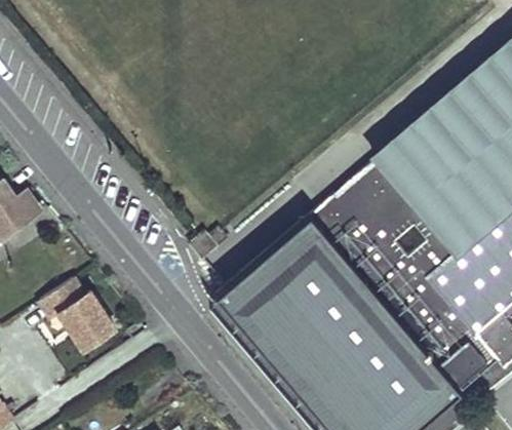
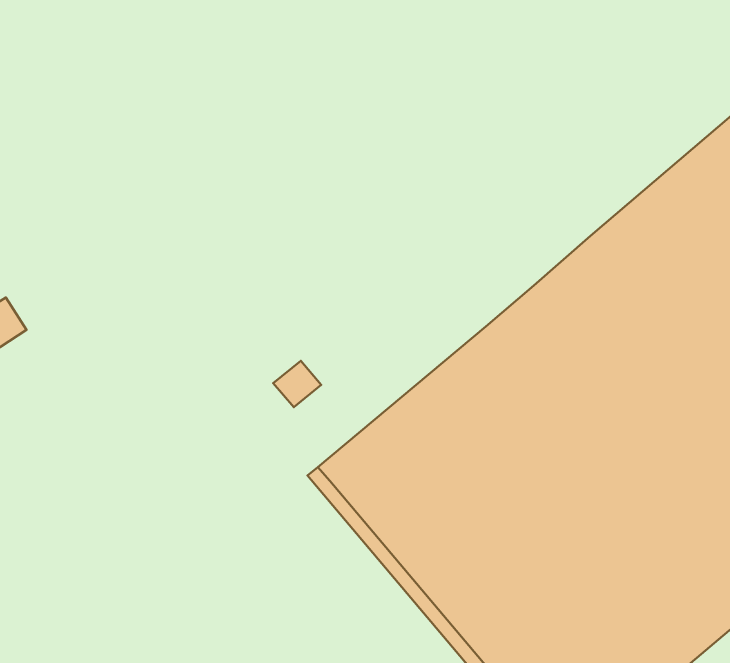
building: [36,282,111,352] -> none

